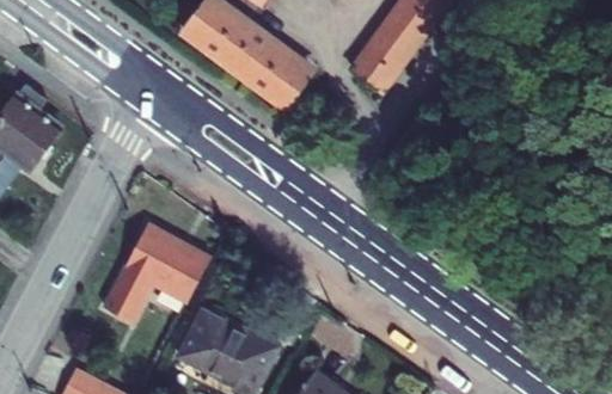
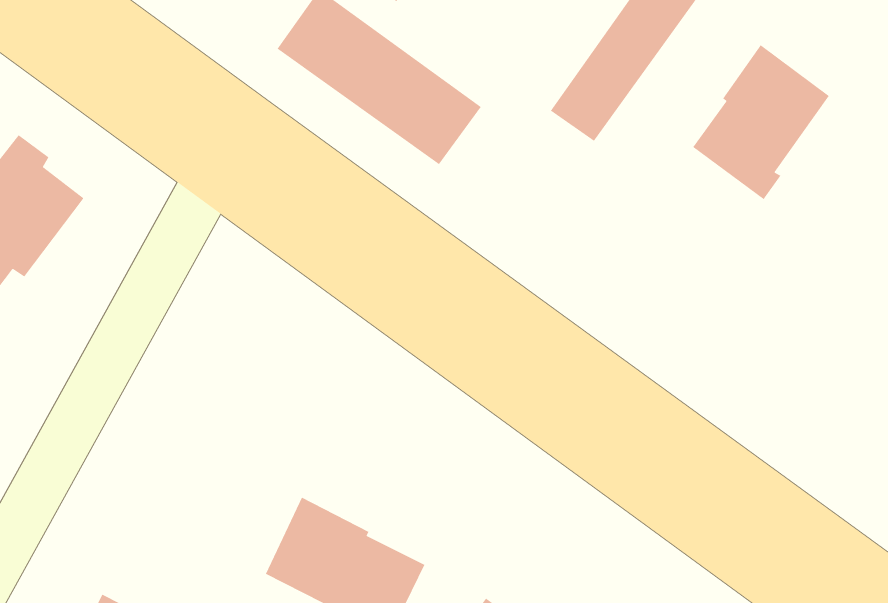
building: none -> [692,44,830,200]
building: [103,223,210,324] -> none

